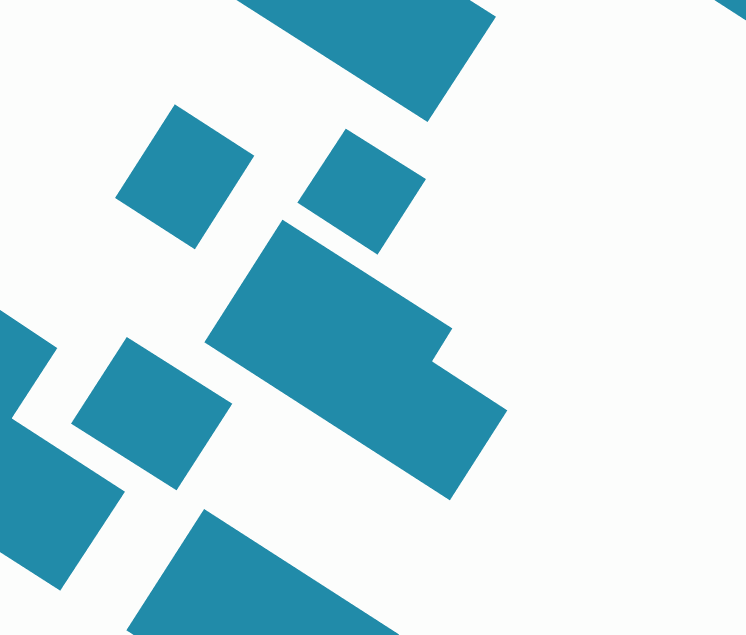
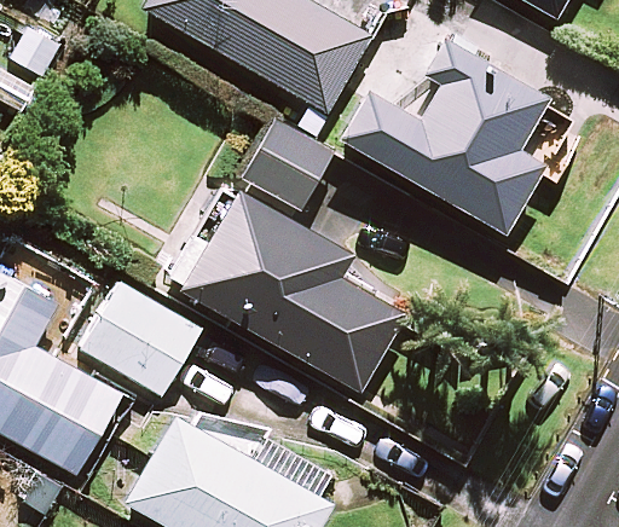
building: none -> [335,44,550,230]
building: [114,103,256,251] -> none

